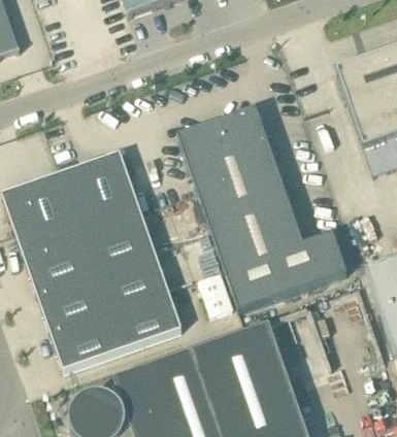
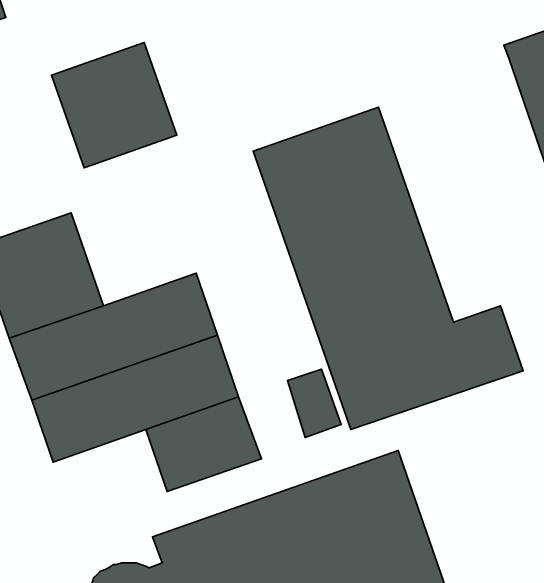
building: [61,152,140,231] -> [52,43,177,168]
building: [49,309,122,369] -> none

